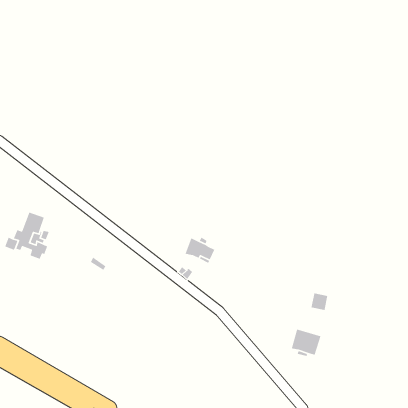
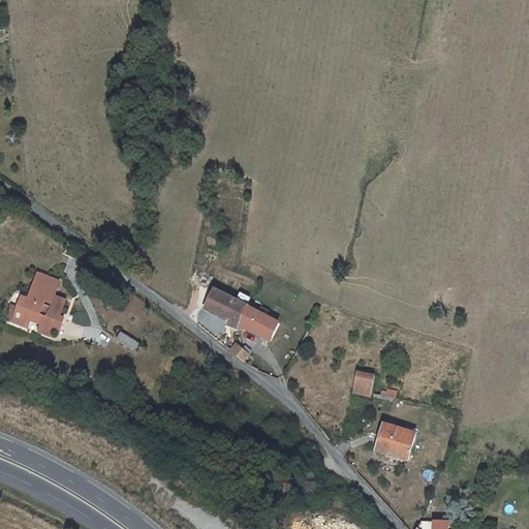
building: none -> [204,288,248,328]
building: [311,292,328,311] -> [351,371,374,395]

